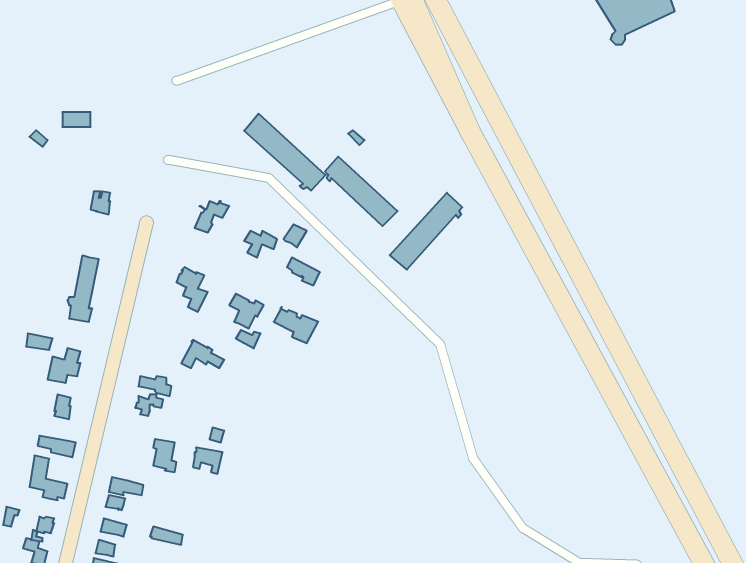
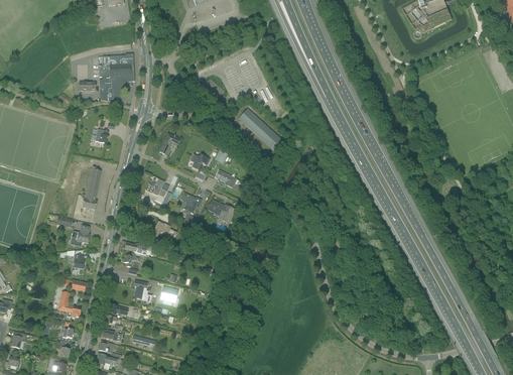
building: none -> [99,53,134,103]
building: [244,114,326,191] -> none
building: [390,193,462,270] -> none

